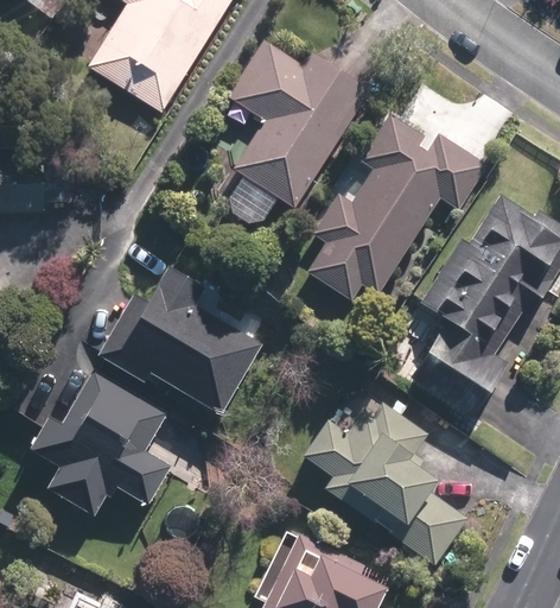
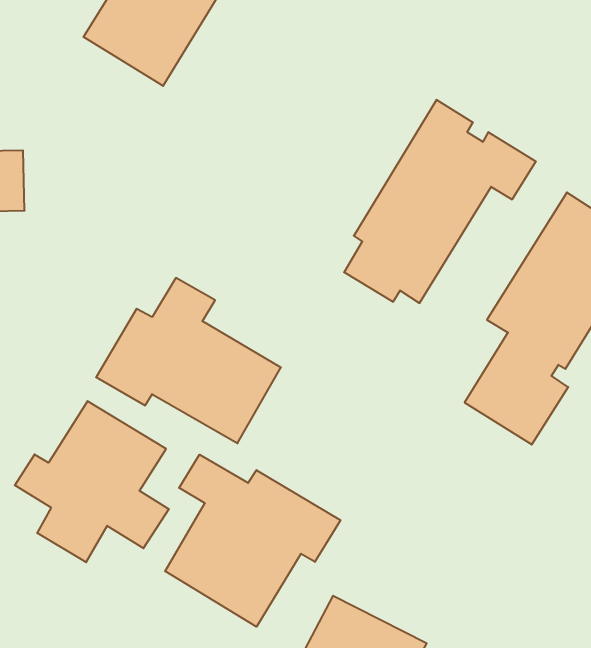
building: [233,46,361,207] -> none
building: [310,411,457,557] -> none
building: none -> [165,455,340,627]

